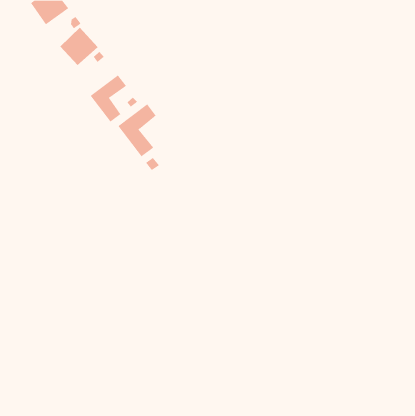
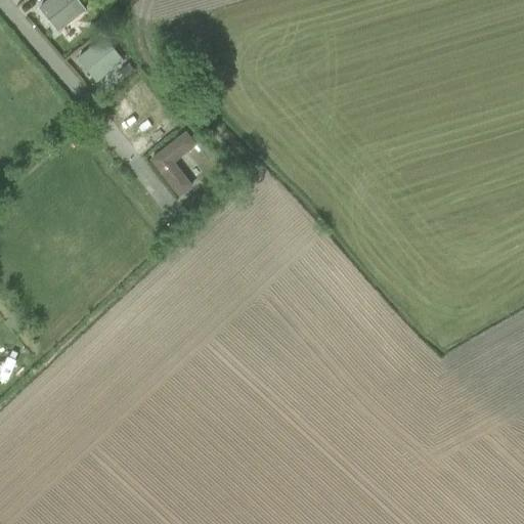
building: [90,75,127,123] -> none

